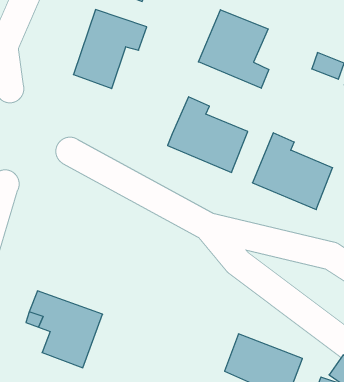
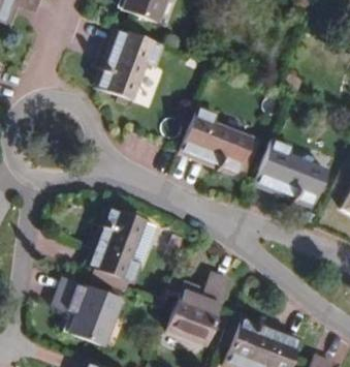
building: [198,10,269,88] -> none
building: none -> [95,209,152,284]
building: none -> [169,274,233,345]

